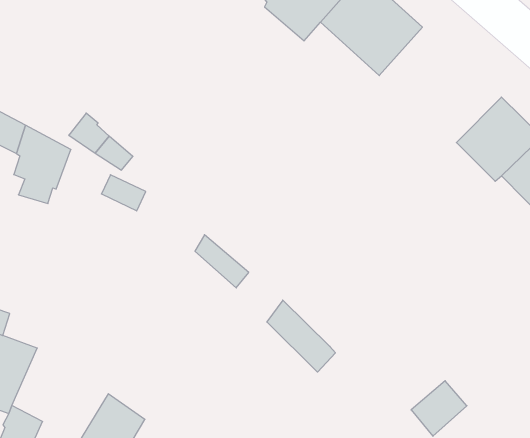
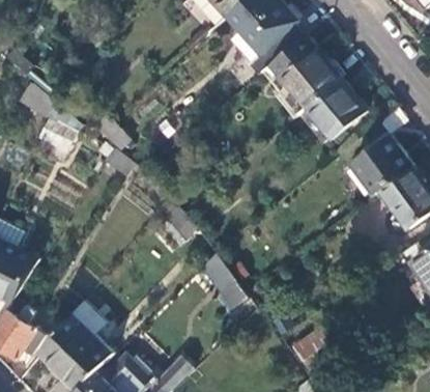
building: none -> [306,80,366,140]

